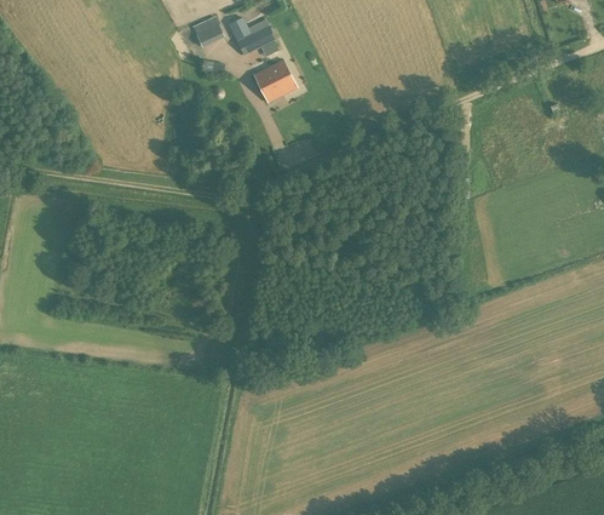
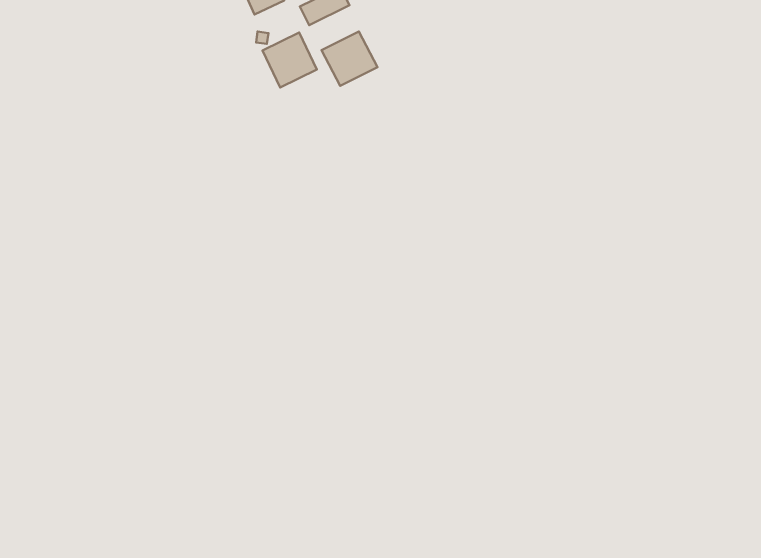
building: none -> [263,32,317,88]

